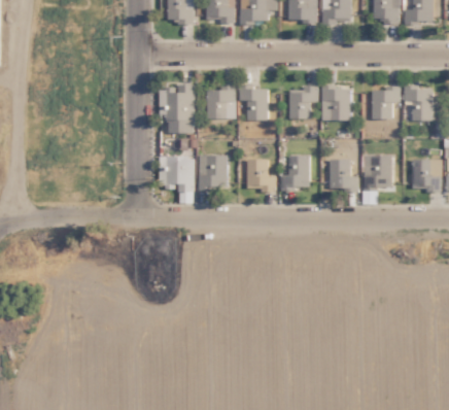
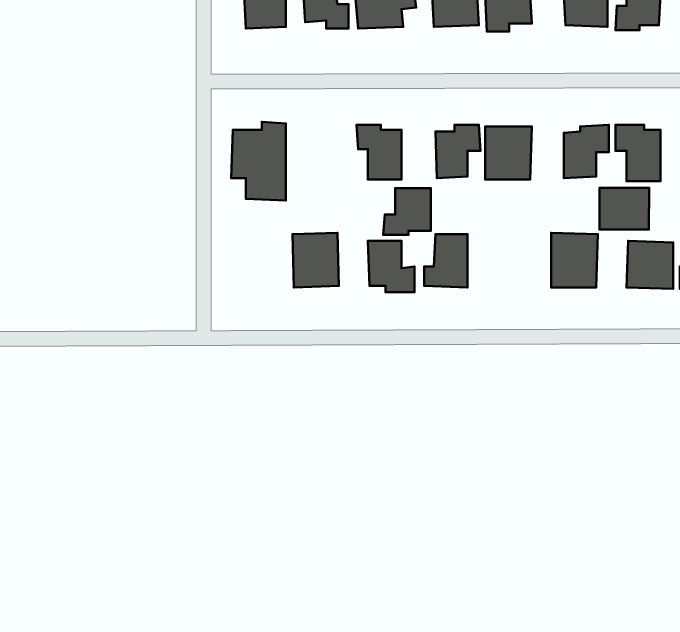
building: [207,88,236,118] -> none
building: none -> [599,188,649,230]
building: none -> [383,188,431,235]
building: [159,156,195,203] -> none
building: [330,159,358,190] -> none

